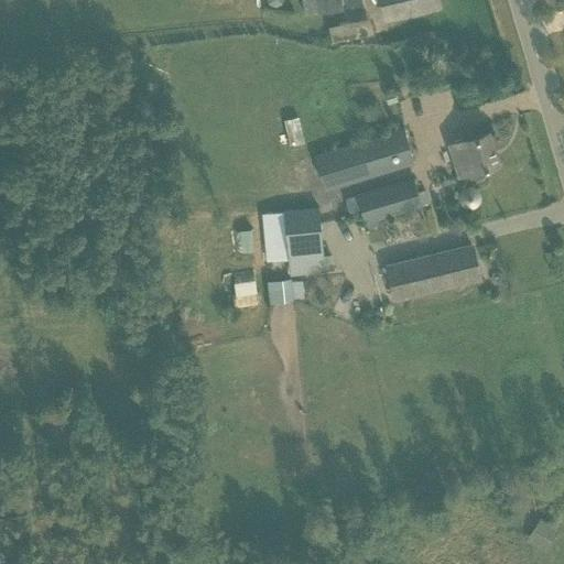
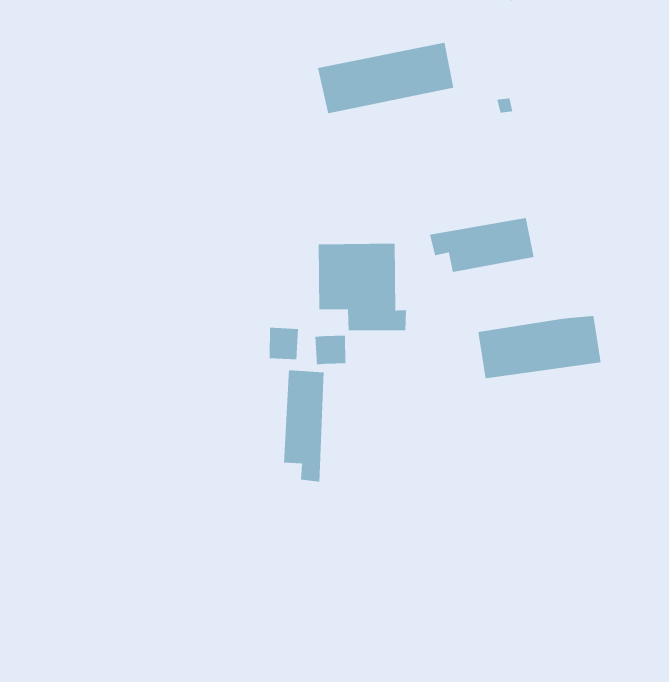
building: [312,129,414,191] -> [317,42,454,114]
building: [447,132,499,177] -> none
building: none -> [284,369,324,482]

